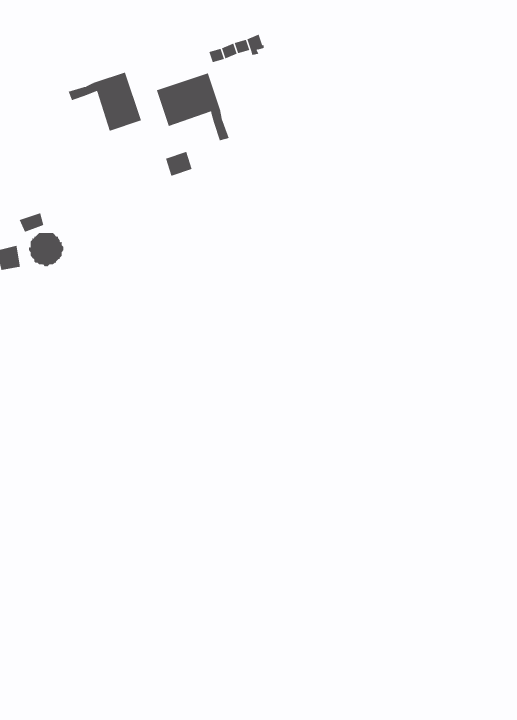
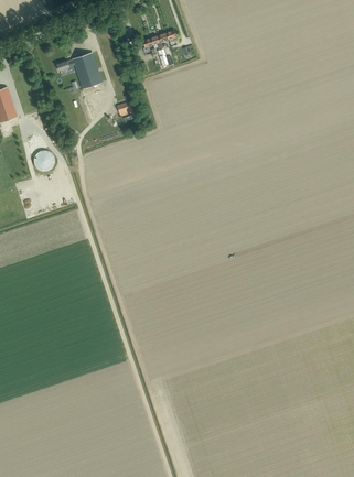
building: [156,73,230,141] -> none

